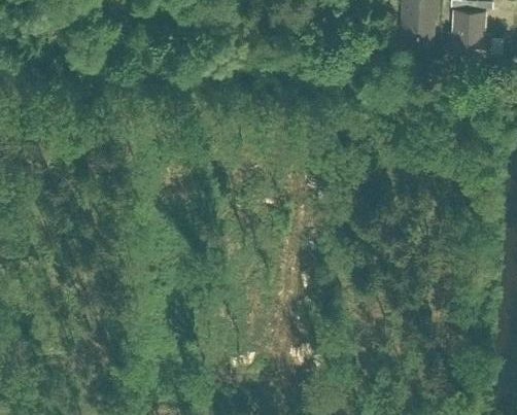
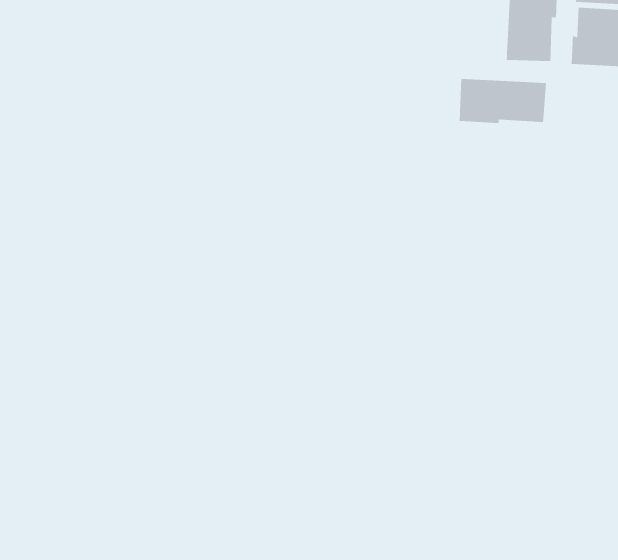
building: none -> [459,78,547,124]

